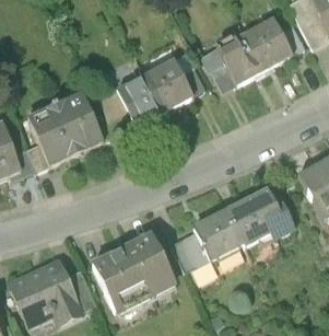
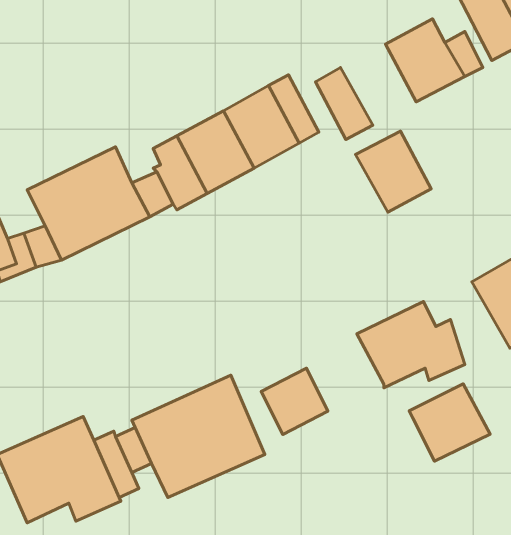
building: [219,33,265,82] -> [356,131,431,212]
building: [196,209,245,256] -> [409,384,490,461]

